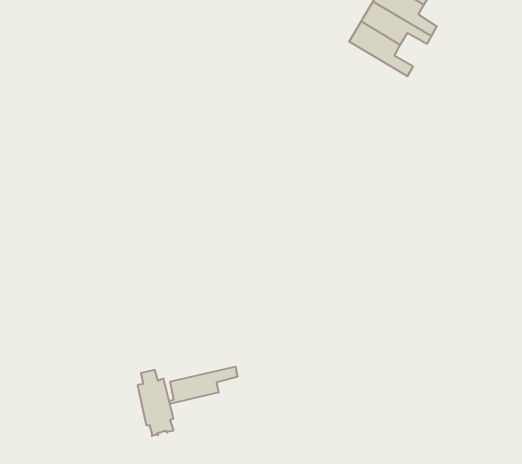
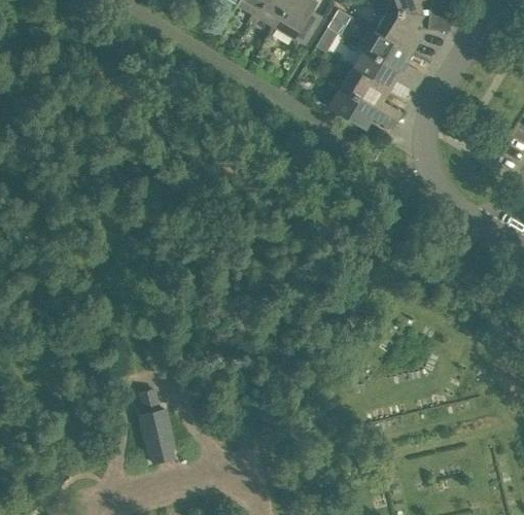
building: none -> [328,88,396,130]
building: [169,367,237,404] -> none

